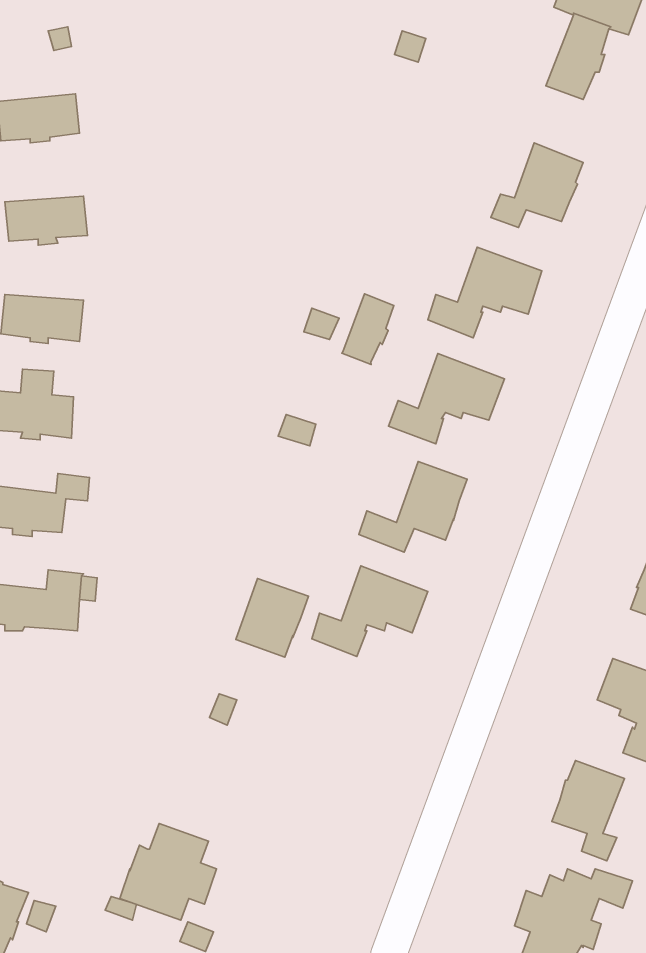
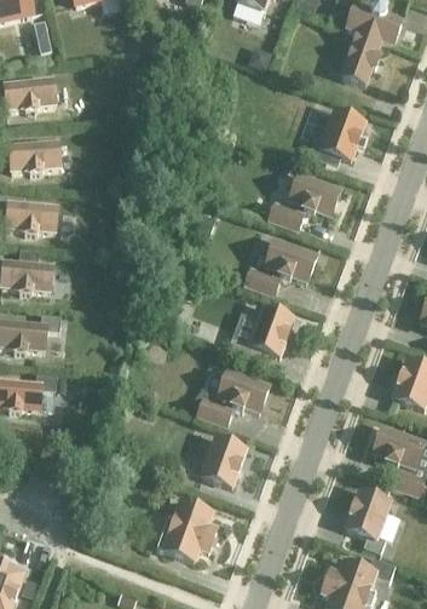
building: [342,294,394,365] -> none
building: [236,579,309,657] -> [201,436,246,484]
building: [120,824,216,920] -> [156,500,215,559]

